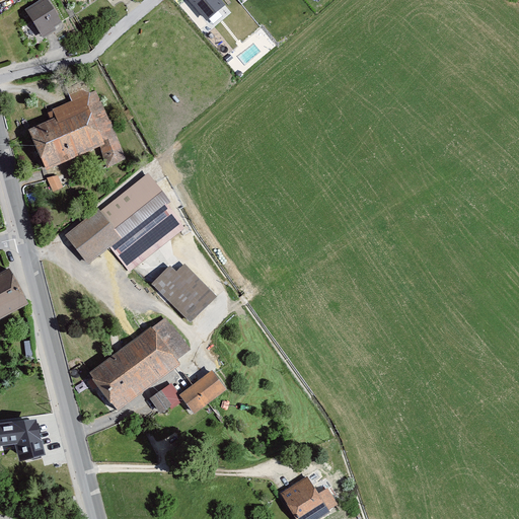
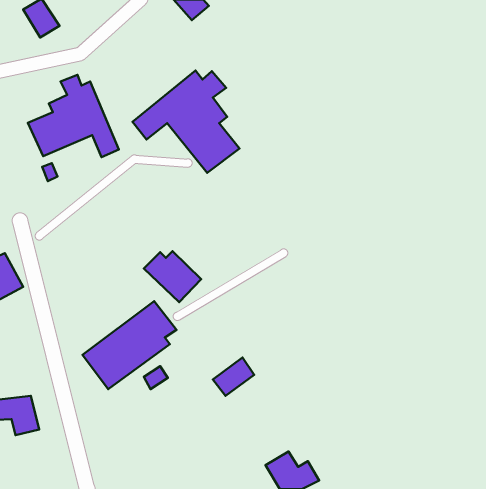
building: none -> [133,70,239,173]
building: [65,171,183,273] -> none
building: [181,372,225,413] -> [213,358,254,396]

